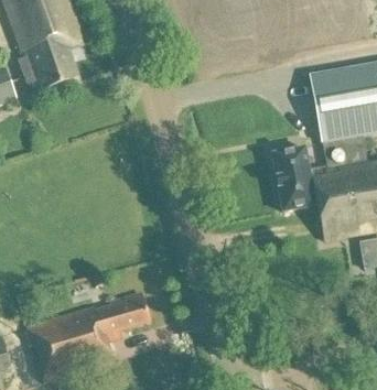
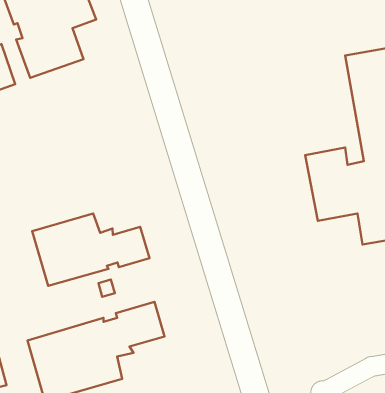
building: none -> [32,213,150,286]

